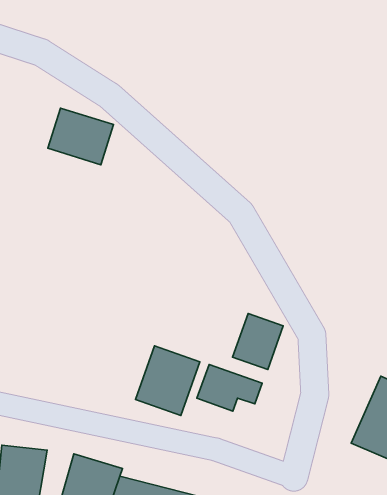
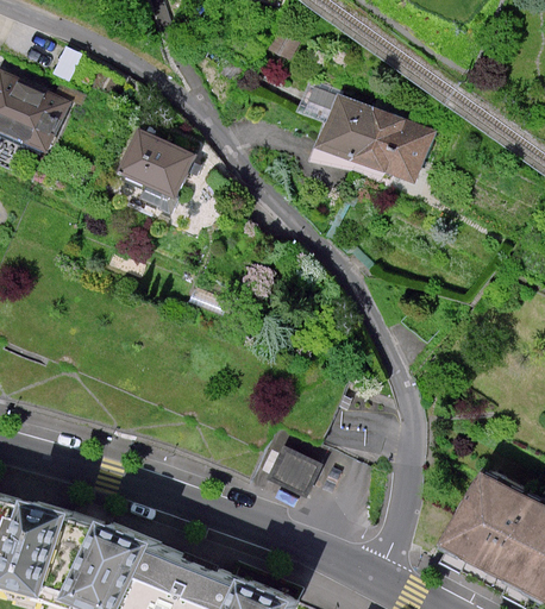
building: none -> [312,93,428,180]
building: [233,313,283,370] -> none
building: [136,346,200,416] -> none

